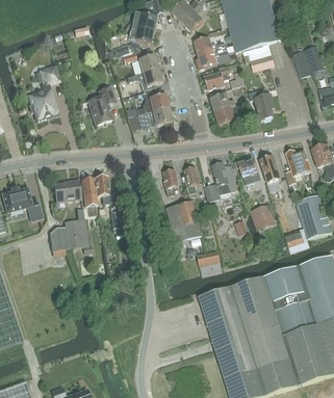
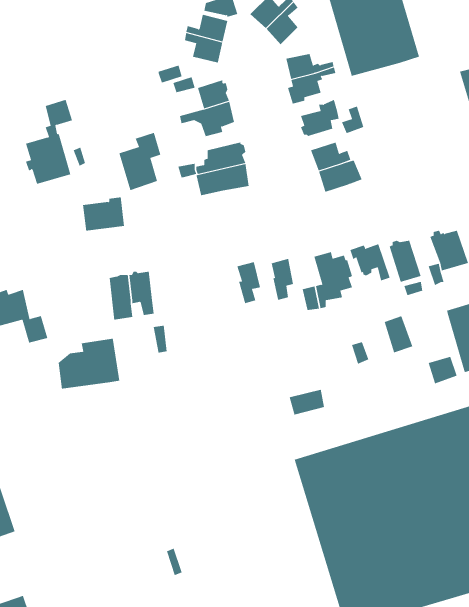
building: [248,89,274,121] -> none
building: [53,180,80,202] -> [82,197,125,231]
building: [165,202,201,242] -> none

